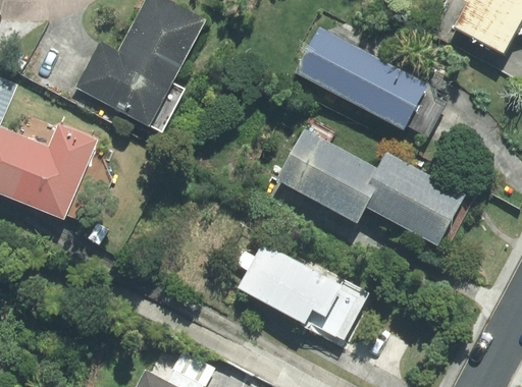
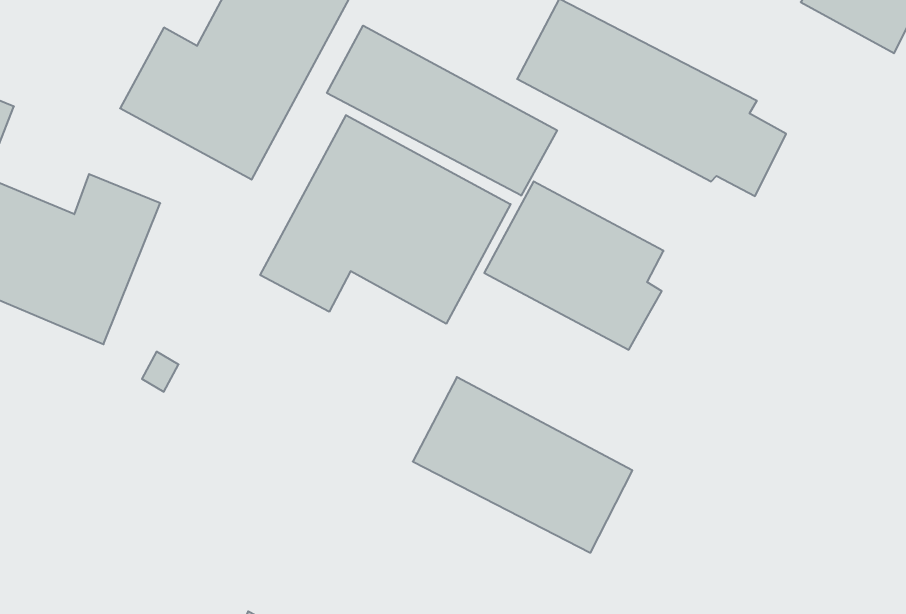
building: none -> [327,26,557,196]
building: none -> [260,115,511,324]
building: [367,152,466,245] -> none

